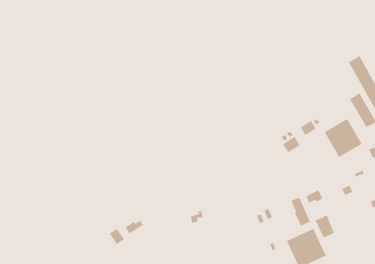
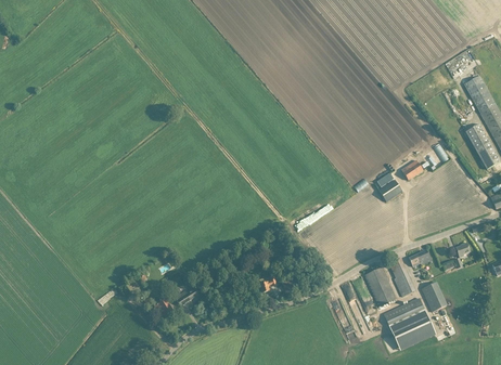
building: [324,118,362,158] -> none
building: none -> [363,268,395,308]

